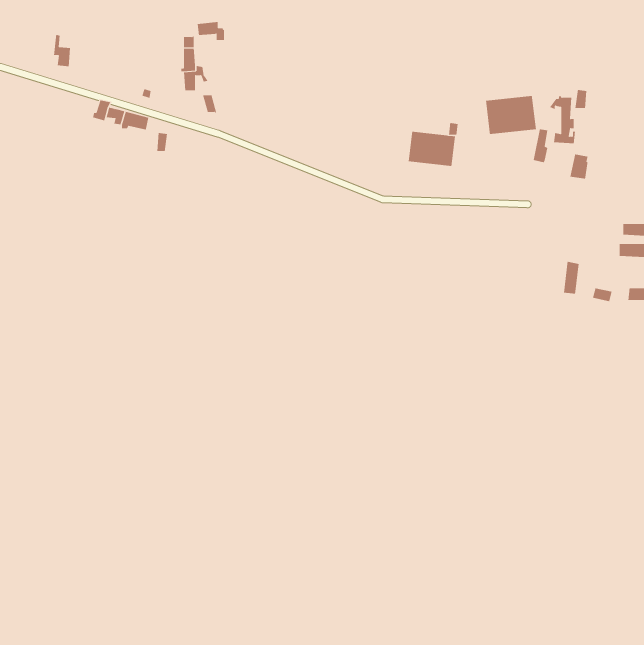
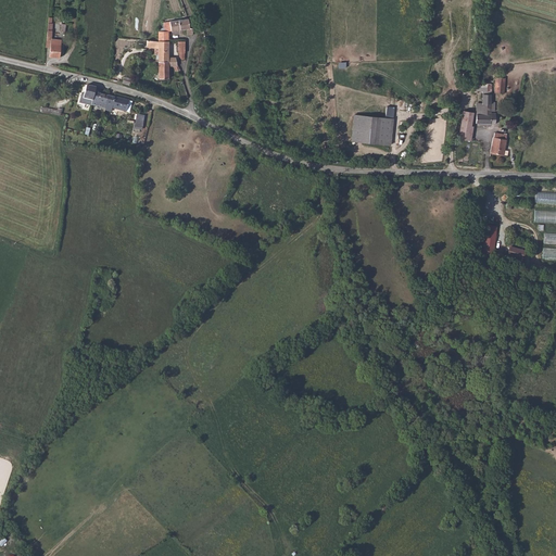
building: [486,95,536,135] -> none

